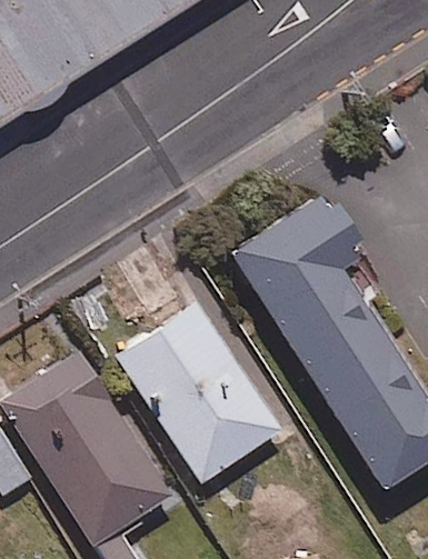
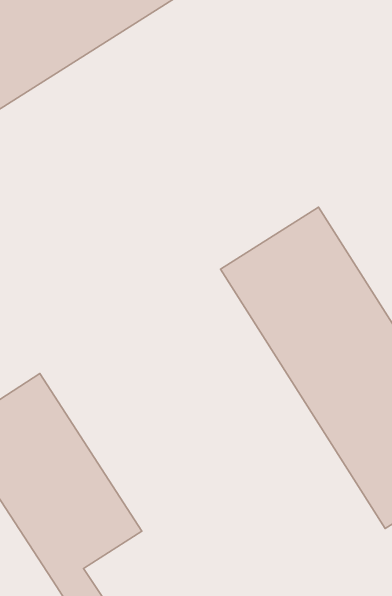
building: [110,296,275,478] -> none

